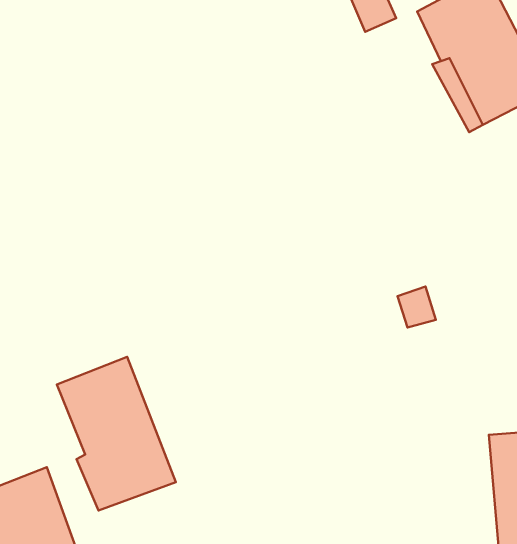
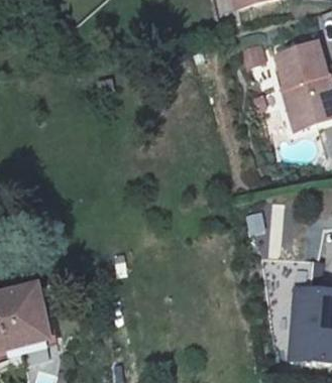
building: [57,357,176,511] -> none

